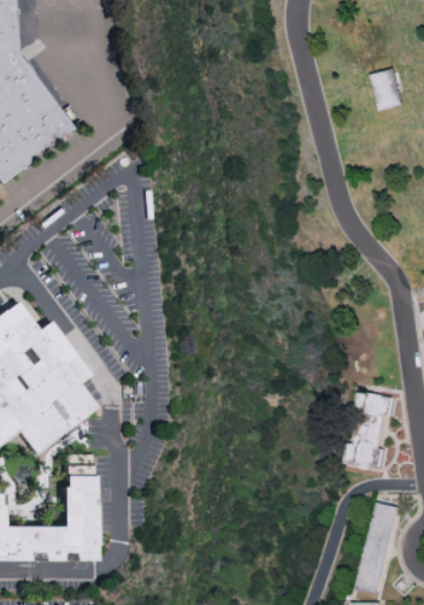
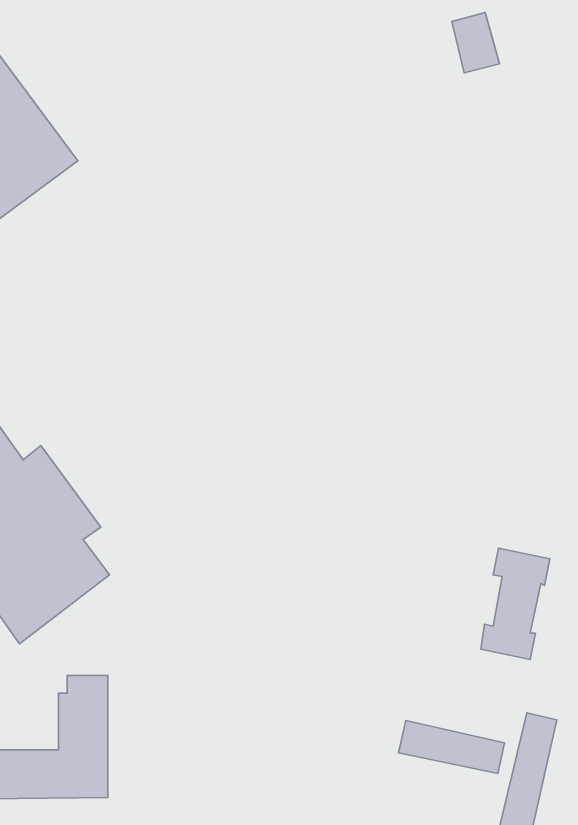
building: [375,69,407,110] -> [452,13,499,73]
building: none -> [398,720,505,773]

